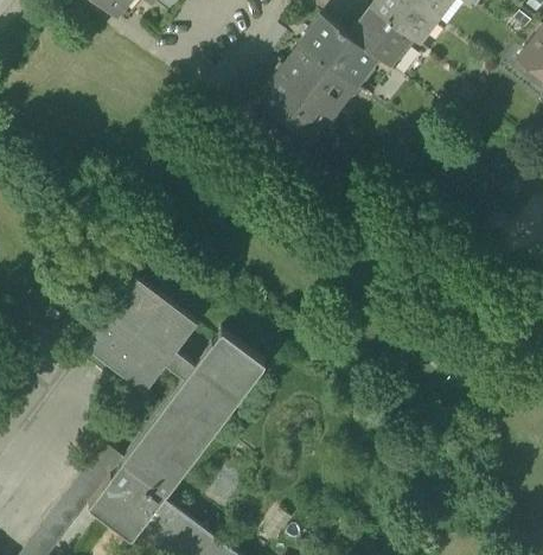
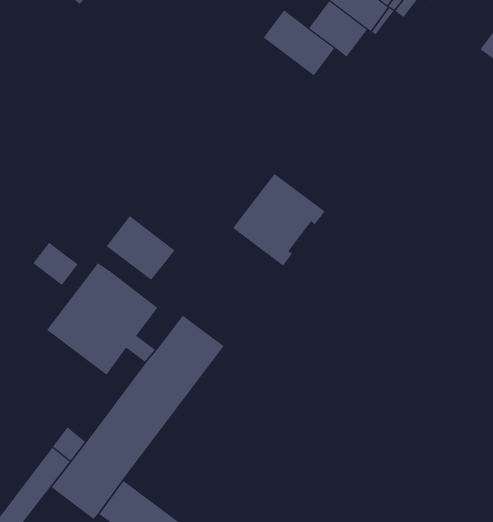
building: [261,47,356,142] -> [232,173,325,266]
building: none -> [106,215,175,280]
building: none -> [32,242,79,286]

